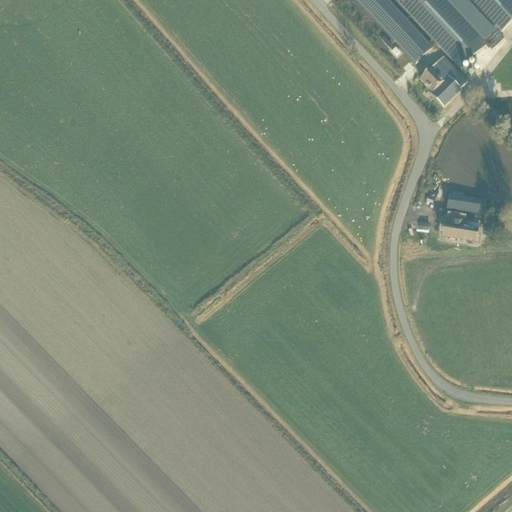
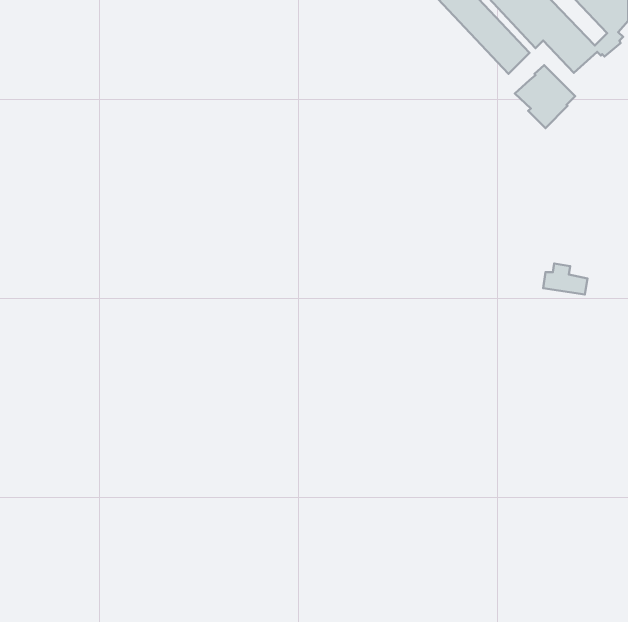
building: [446,191,480,210] -> none

